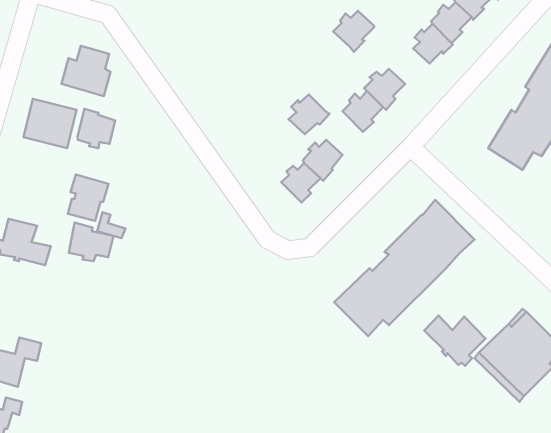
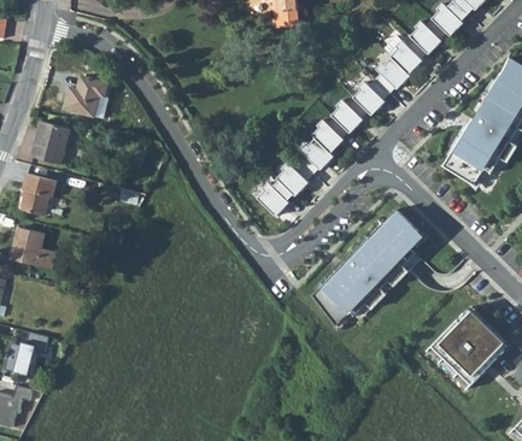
building: [333,11,374,52] -> [354,77,391,113]
building: [288,95,329,134] -> [299,136,335,171]
building: [78,109,115,148] -> none
building: [68,174,109,221] -> [19,174,55,214]
building: [69,223,114,261] -> none
building: [424,315,486,366] -> none

